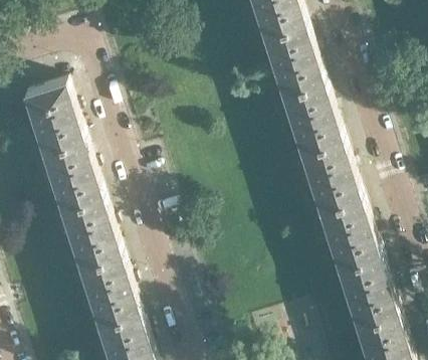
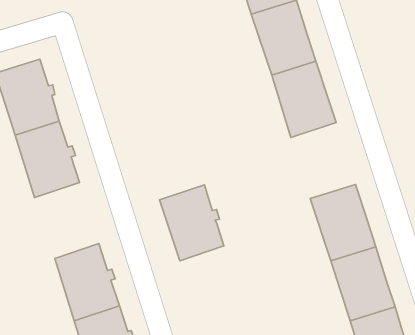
building: [300,143,361,214] -> none
building: [60,199,121,271] -> [159,185,224,261]

